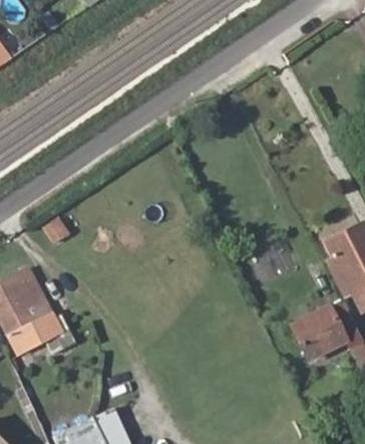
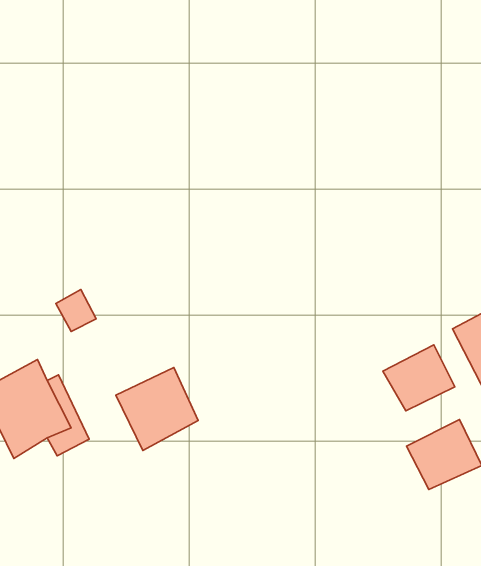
building: none -> [383,345,455,411]
building: none -> [116,367,198,450]

